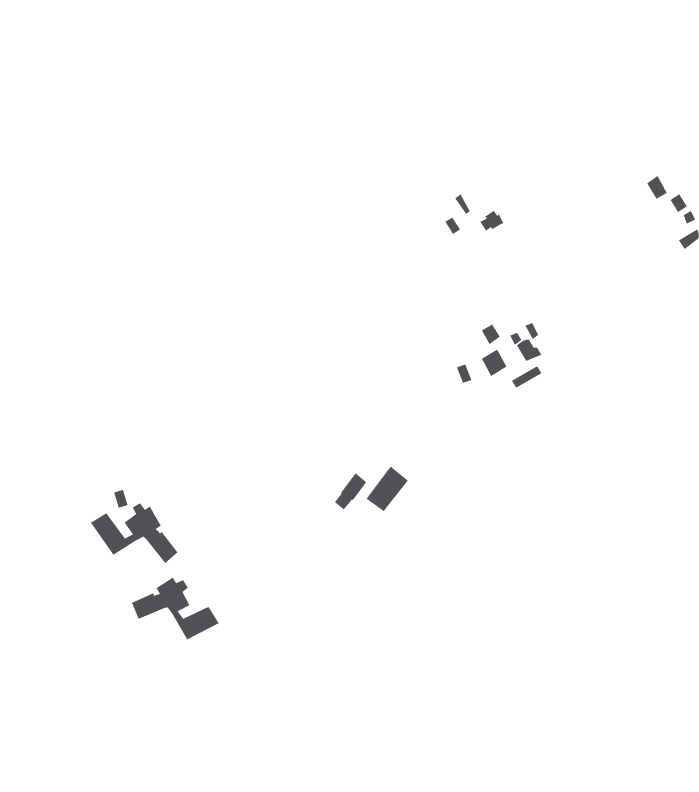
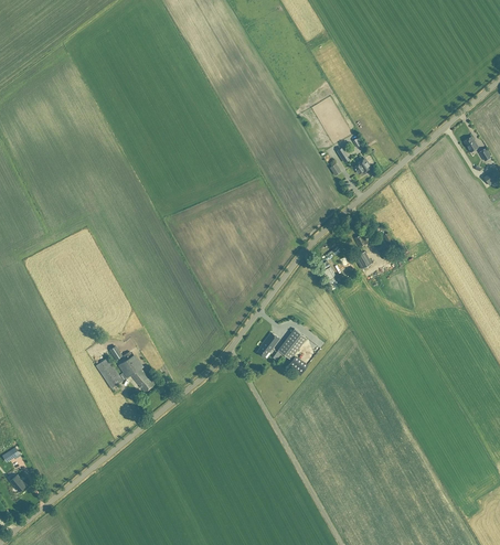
building: [131,577,220,640] -> none

